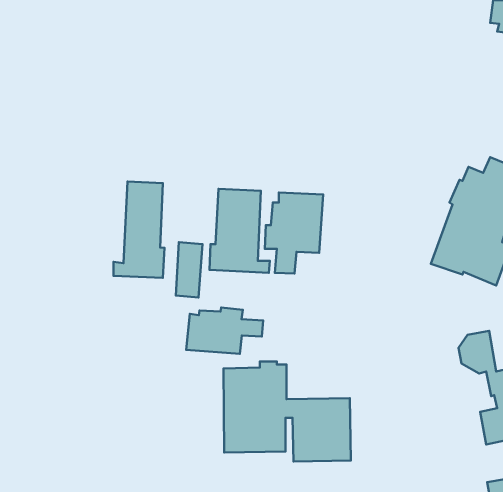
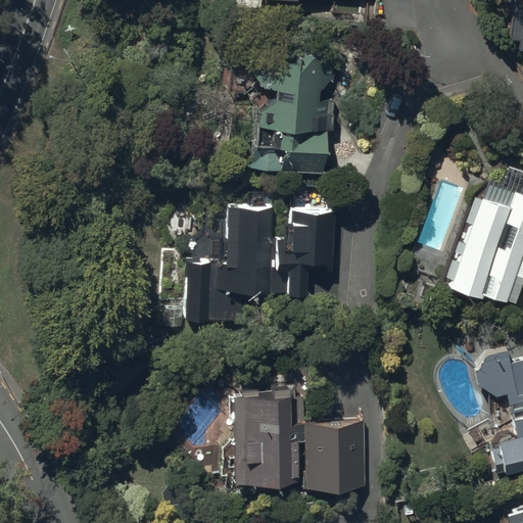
building: none -> [250,51,336,178]
building: [113,181,164,278] -> none
building: [186,308,263,354] -> none

